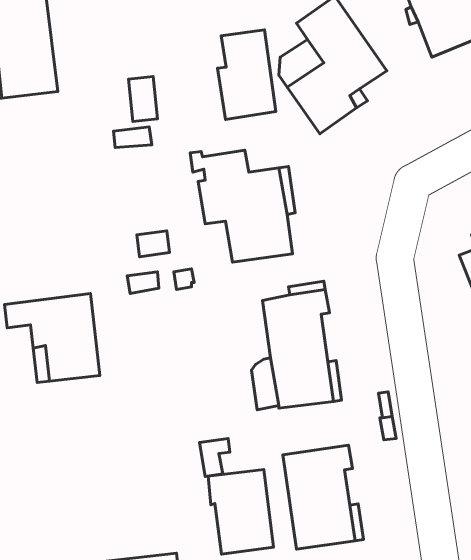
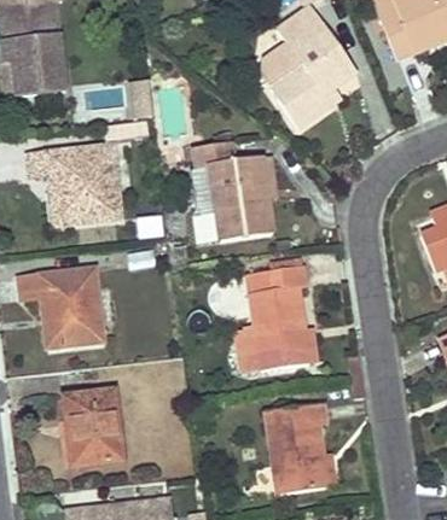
building: [218,30,276,120] -> none
building: none -> [27,145,121,224]
building: [208,469,274,554] -> [64,390,122,465]

